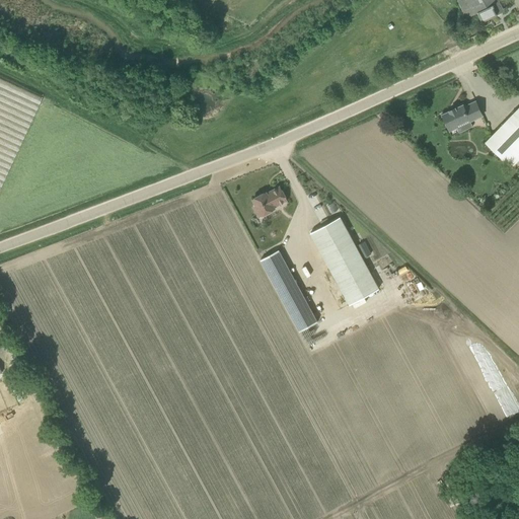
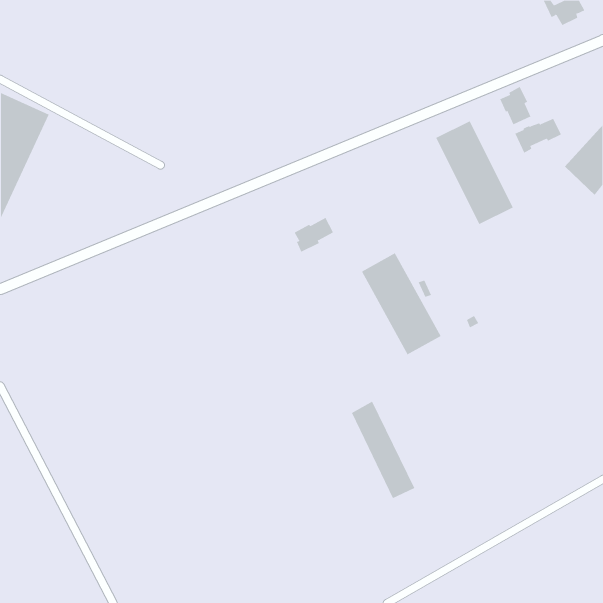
building: none -> [500,86,531,125]
building: none -> [436,121,513,225]
building: [260,247,314,331] -> [351,401,415,499]

